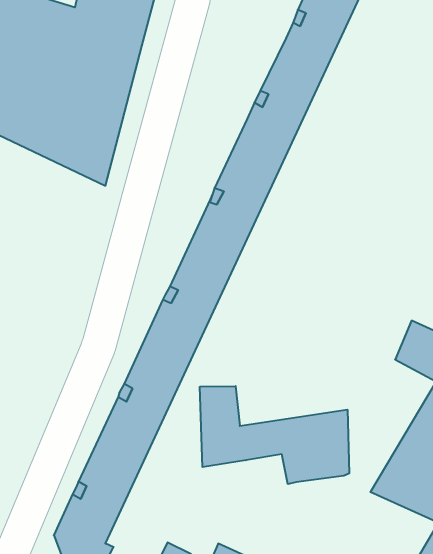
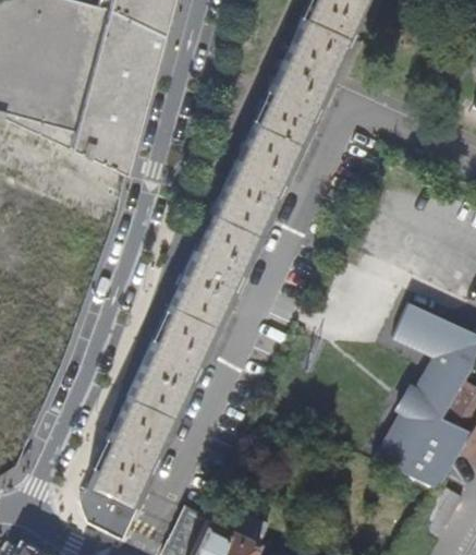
building: [200,386,349,484] -> none

